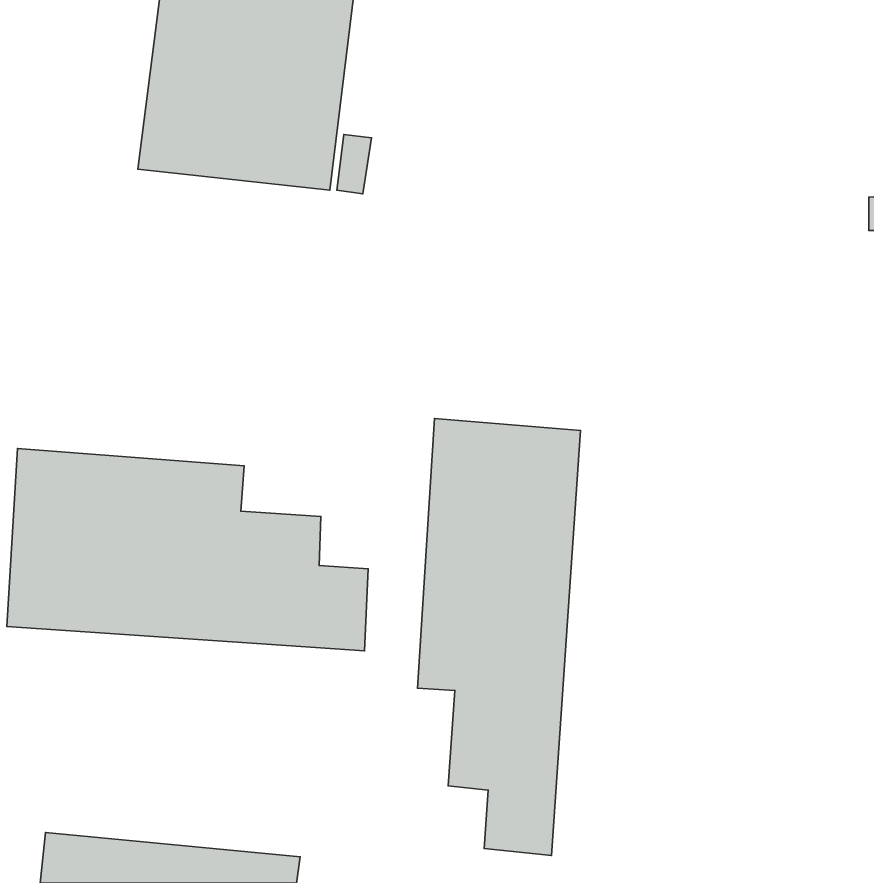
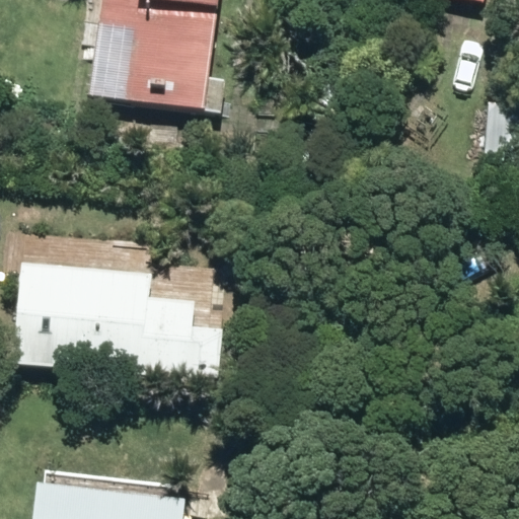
building: [418,419,580,855] -> none

